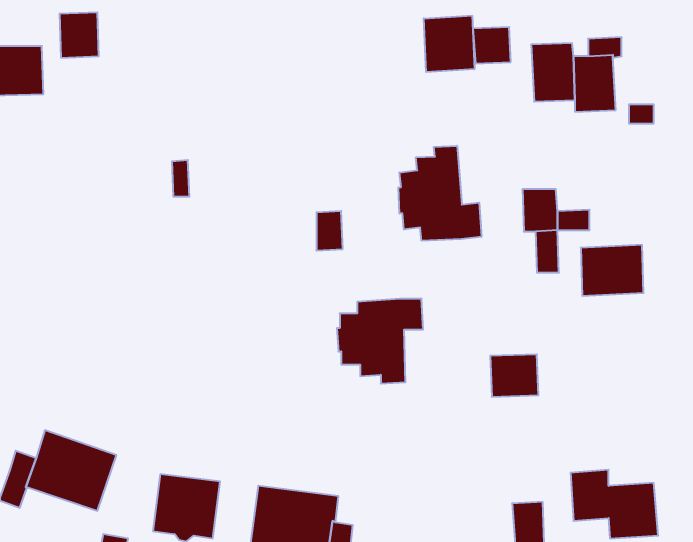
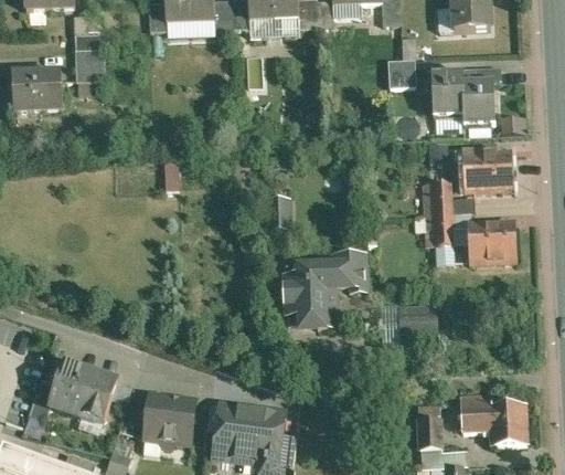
building: [424,16,474,72] -> none
building: none -> [469,147,512,191]
building: [398,146,481,241] -> none
building: none -> [330,254,369,292]

